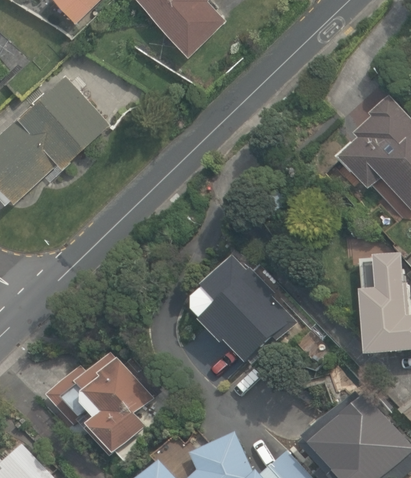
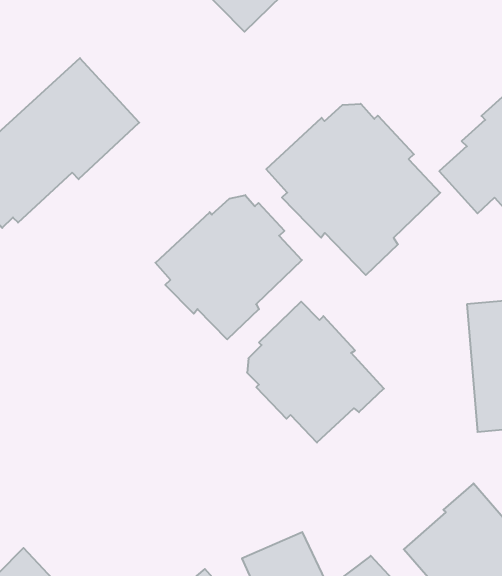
building: none -> [266,104,440,275]
building: none -> [155,195,302,339]
building: [45,353,153,458] -> none

